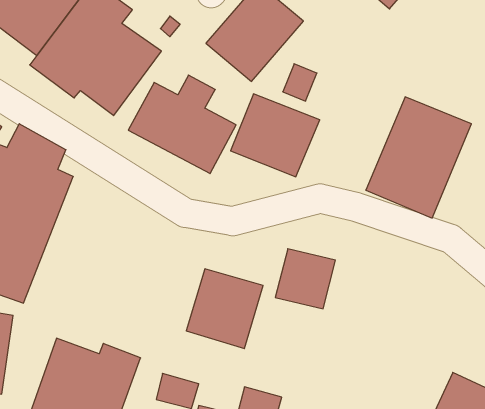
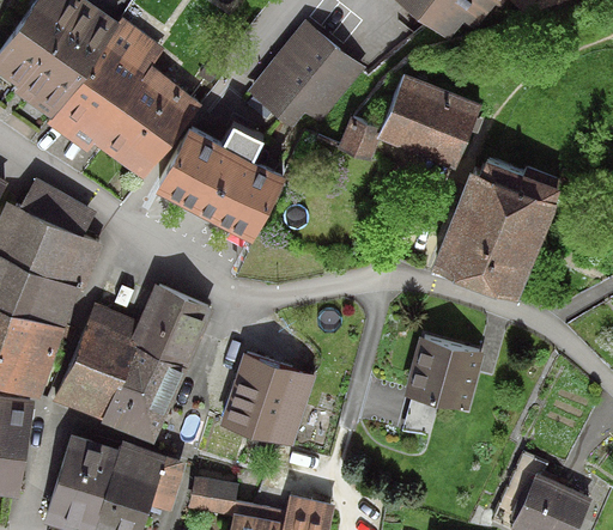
building: [231,94,320,177] -> [376,69,479,165]
building: none -> [59,287,212,444]
building: [275,249,335,309] -> [405,335,474,404]

